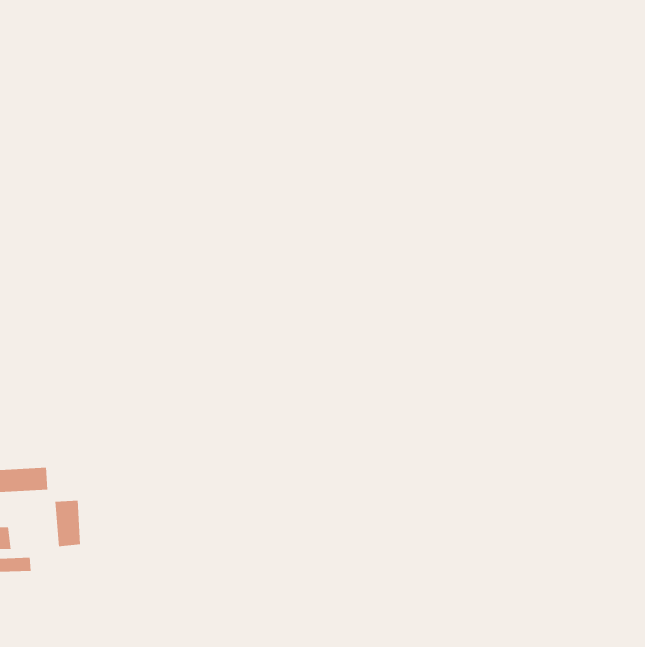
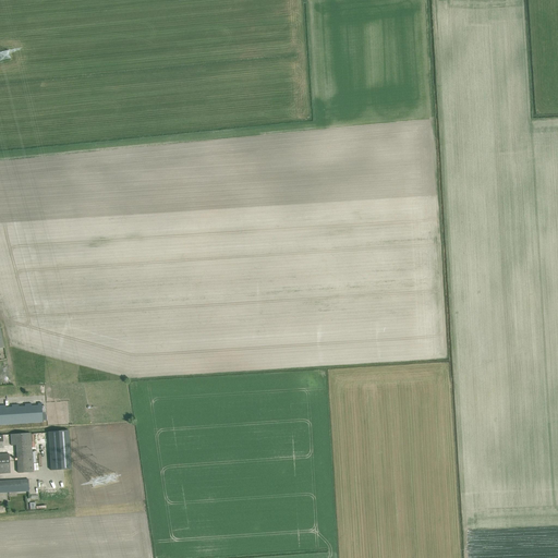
building: none -> [10,433,33,473]

